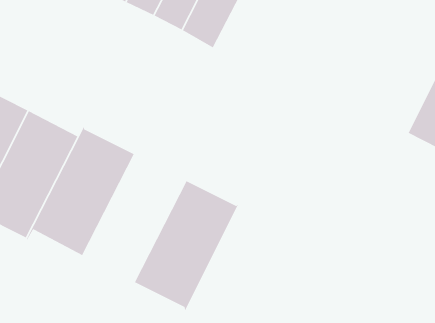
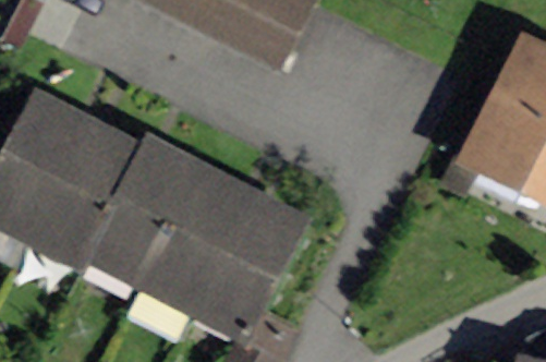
building: none -> [138,176,246,310]

